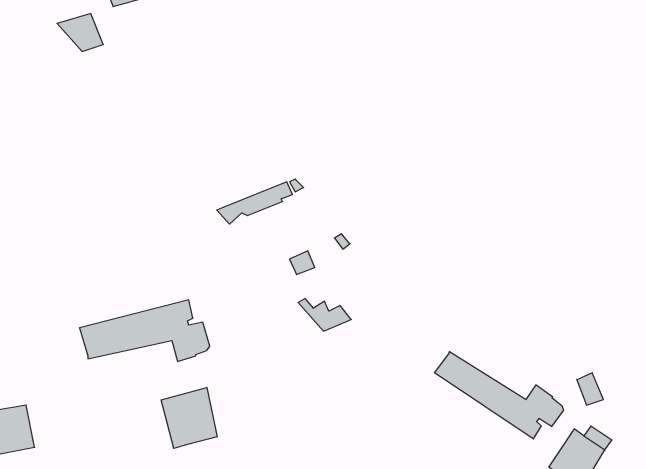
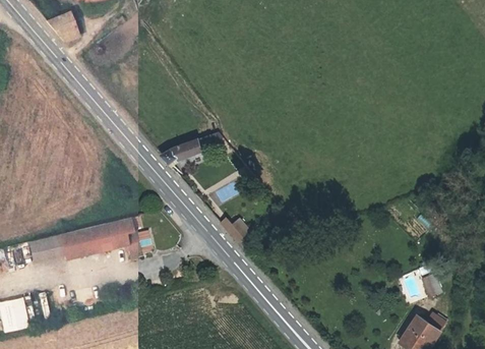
building: none -> [29,238,66,267]
building: [435,352,564,439] -> none
building: [161,387,217,448] -> none

